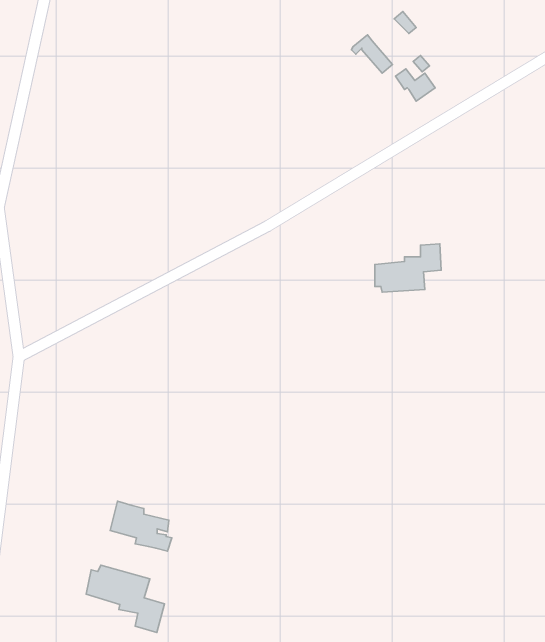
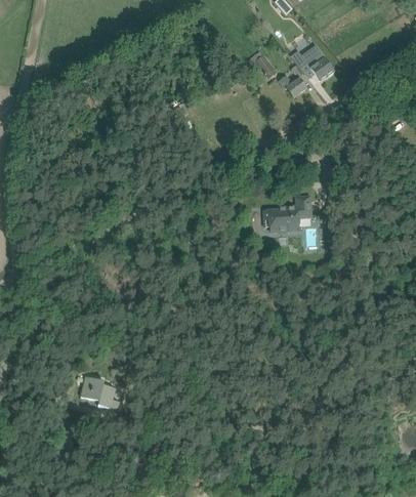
building: none -> [290,44,334,80]
building: [86,565,165,632] -> none

